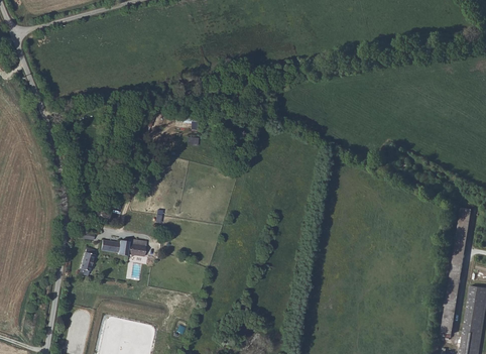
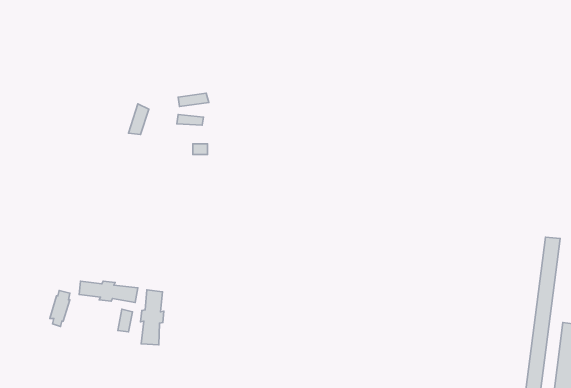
building: none -> [140,290,164,345]

